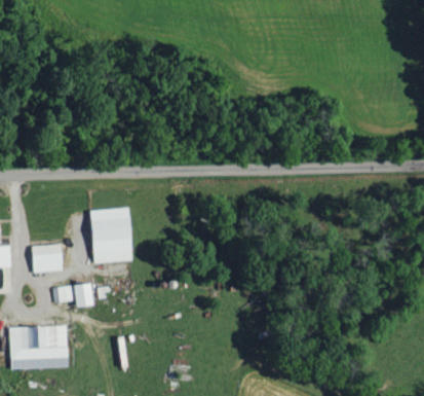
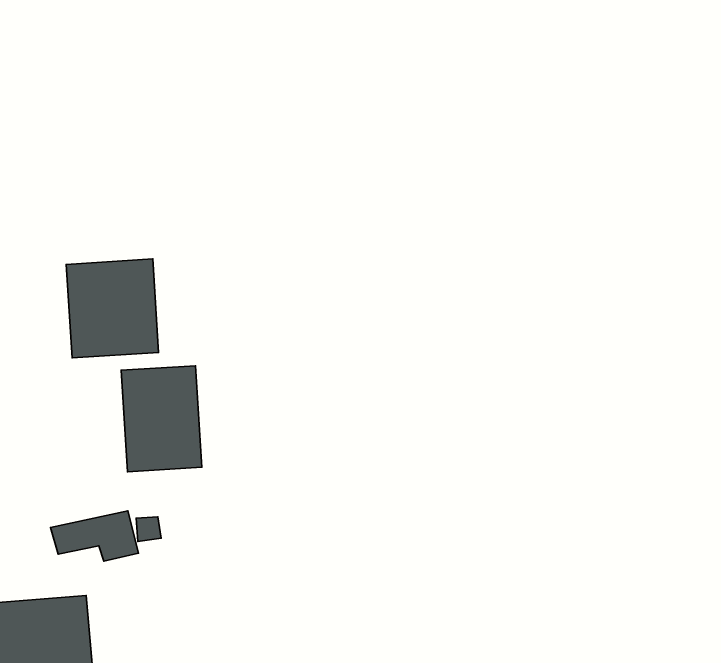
building: none -> [66,259,159,358]
building: [31,245,63,273] -> none

